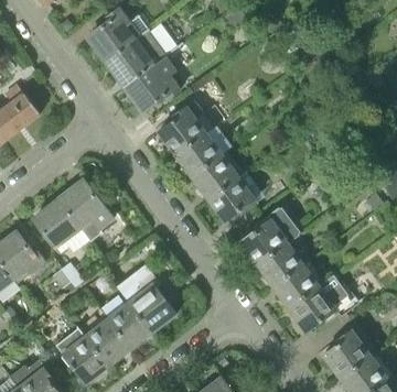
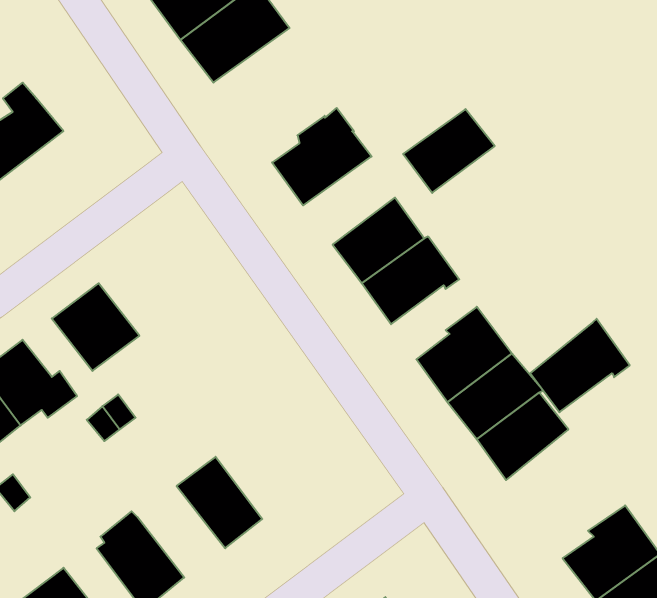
building: [125,55,182,111] -> none
building: [175,130,227,177] -> [403,109,495,193]
building: [60,181,112,229] -> none
building: [118,277,176,333] -> none
building: [290,280,346,333] -> [530,319,630,412]
building: [82,314,131,366] -> none

